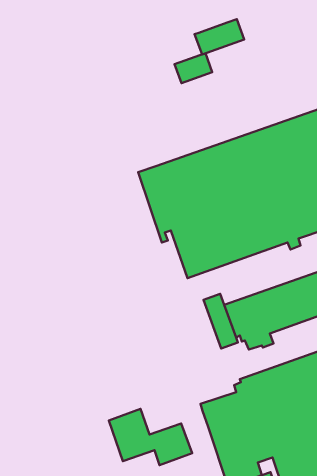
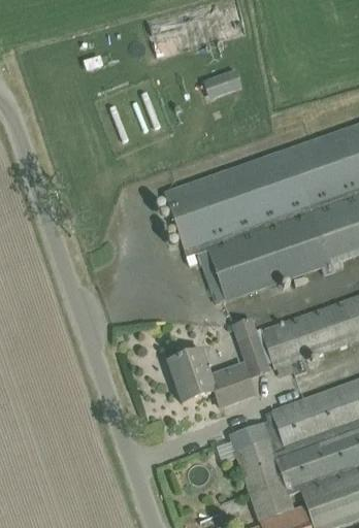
building: [195,19,244,54] -> none
building: [109,409,192,465] -> [168,348,255,406]

